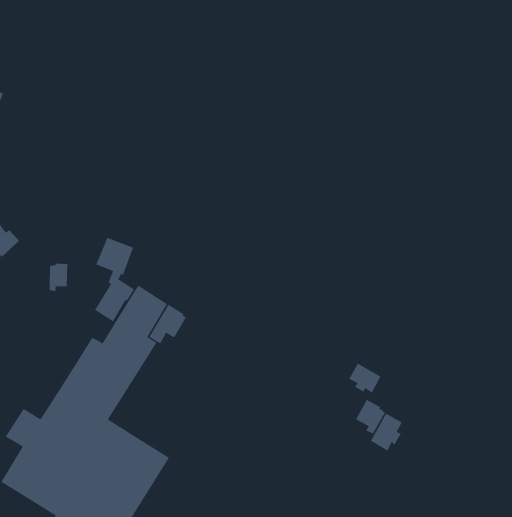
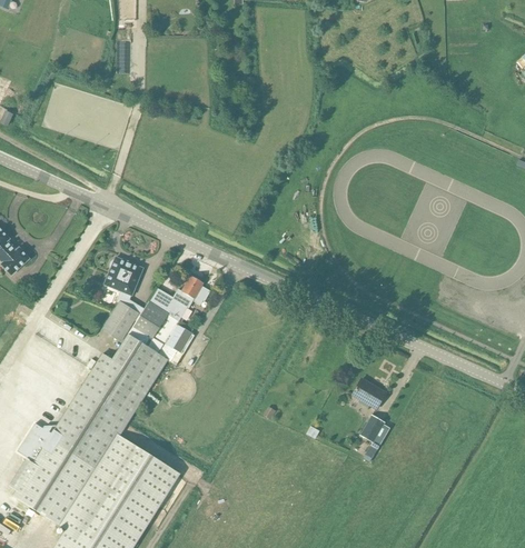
building: none -> [147,276,211,323]
building: [49,263,68,292] -> none
building: [370,413,403,452] -> none

